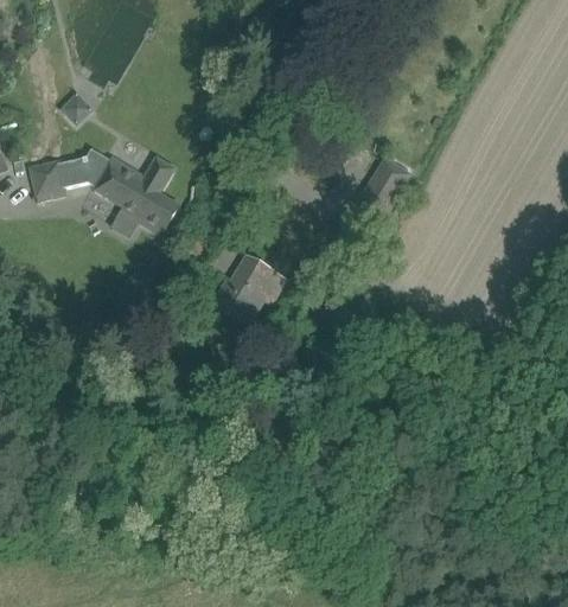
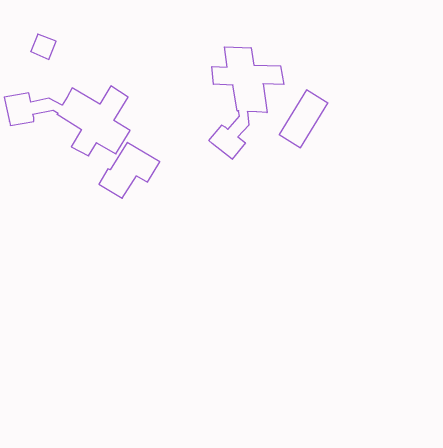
building: none -> [209,47,284,159]
building: [212,256,283,321] -> [99,142,160,198]

